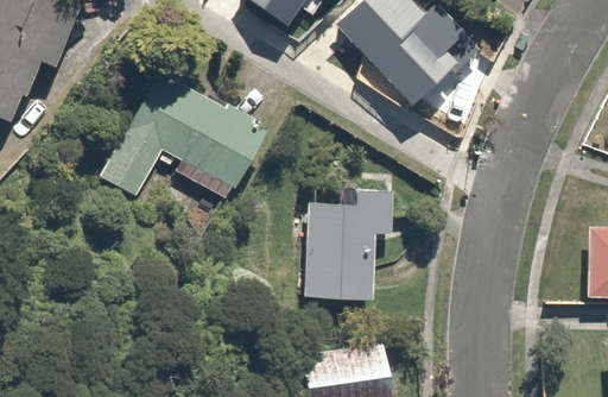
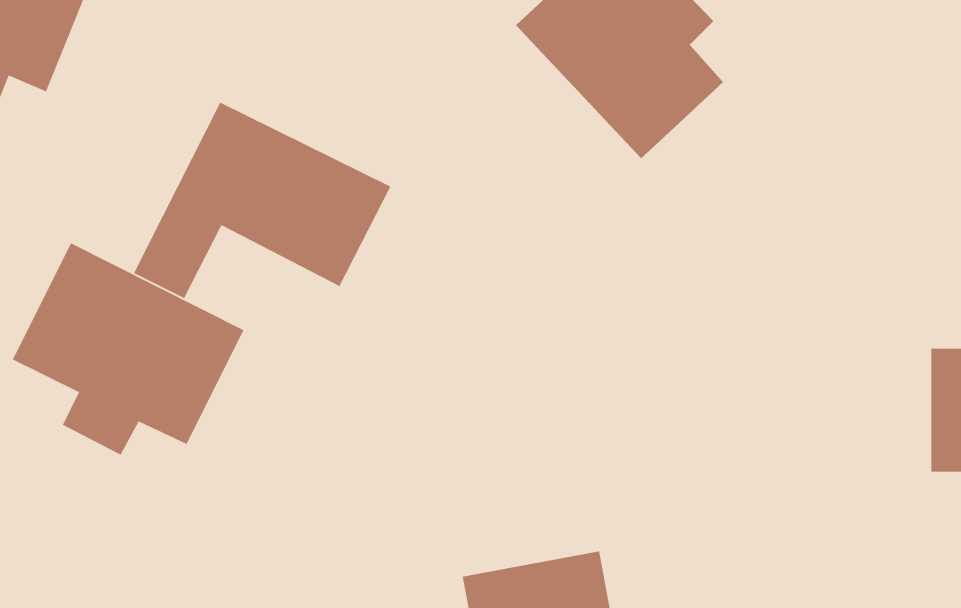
building: none -> [12,242,244,456]
building: [304,179,403,300] -> none

